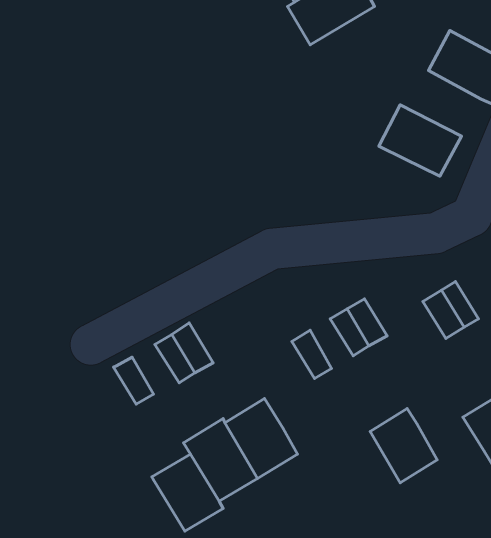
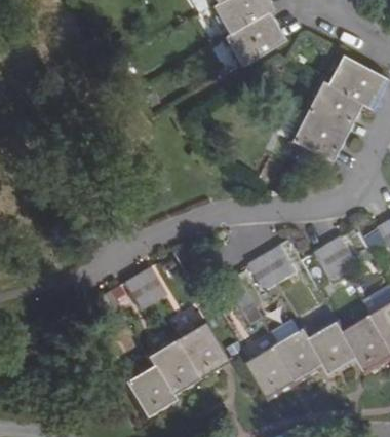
building: none -> [300,81,358,132]
building: none -> [312,323,360,374]
building: none -> [248,344,300,400]

